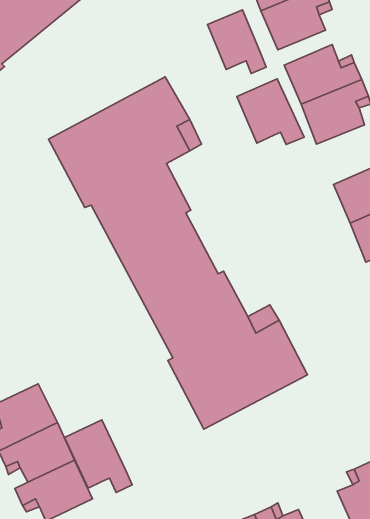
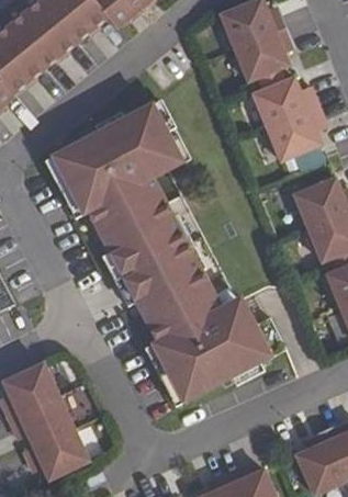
building: [207,10,266,74] -> none
building: [237,79,304,144] -> none
building: [64,420,132,493] -> none

